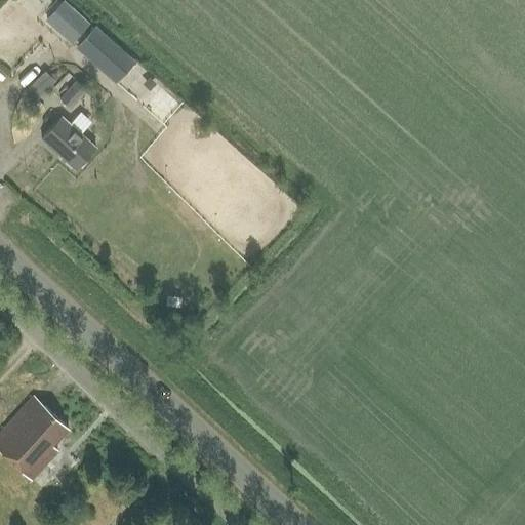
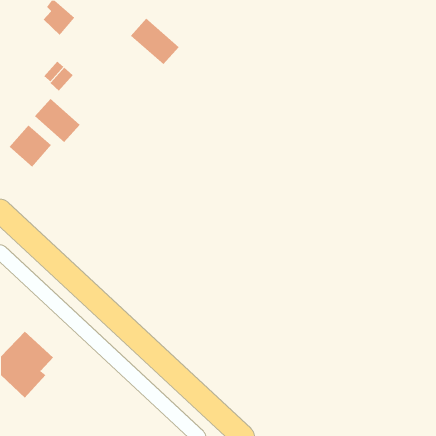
building: [77,27,136,83] -> [130,18,180,65]
building: none -> [9,124,52,167]

